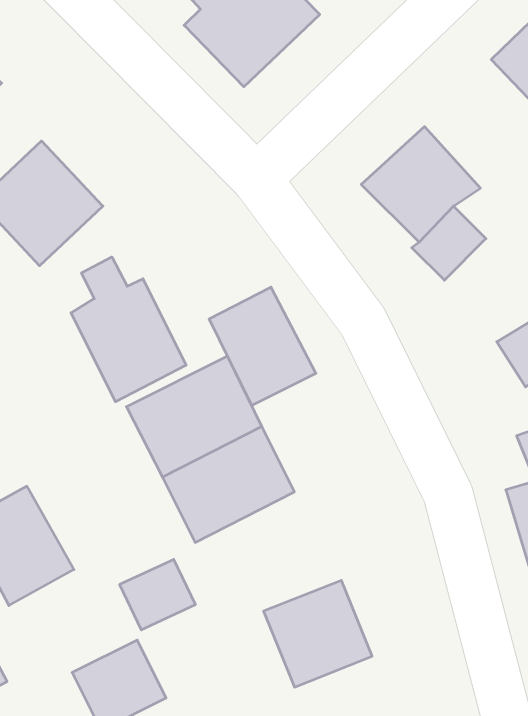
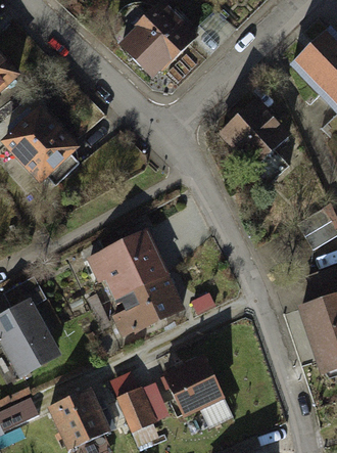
building: [71,257,186,402] -> none
building: [209,287,316,406] -> none
building: [120,559,195,630] -> [125,387,167,426]

